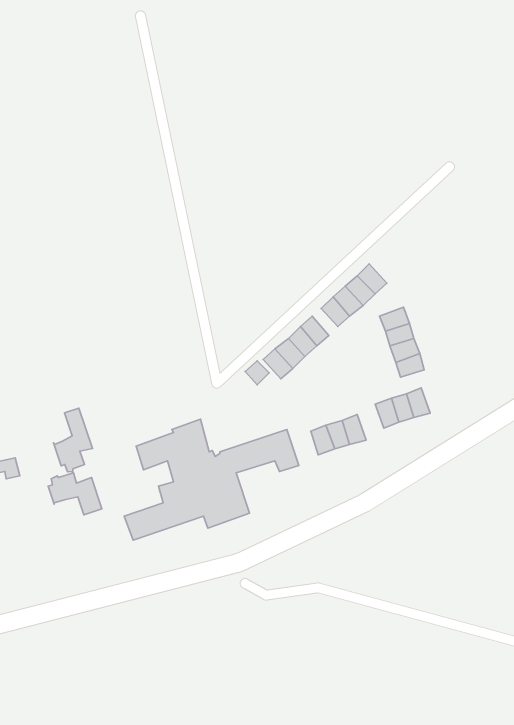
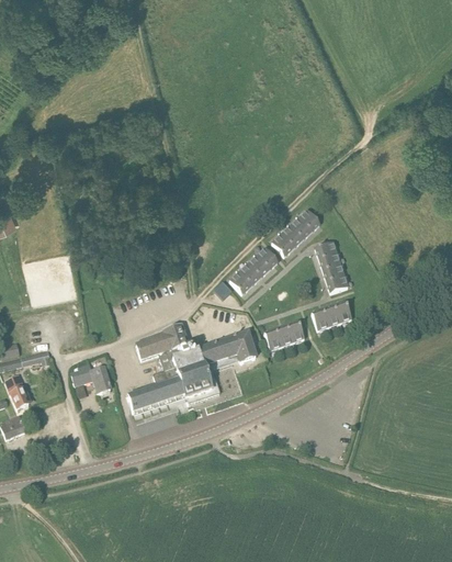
building: [53,408,92,472] -> none

